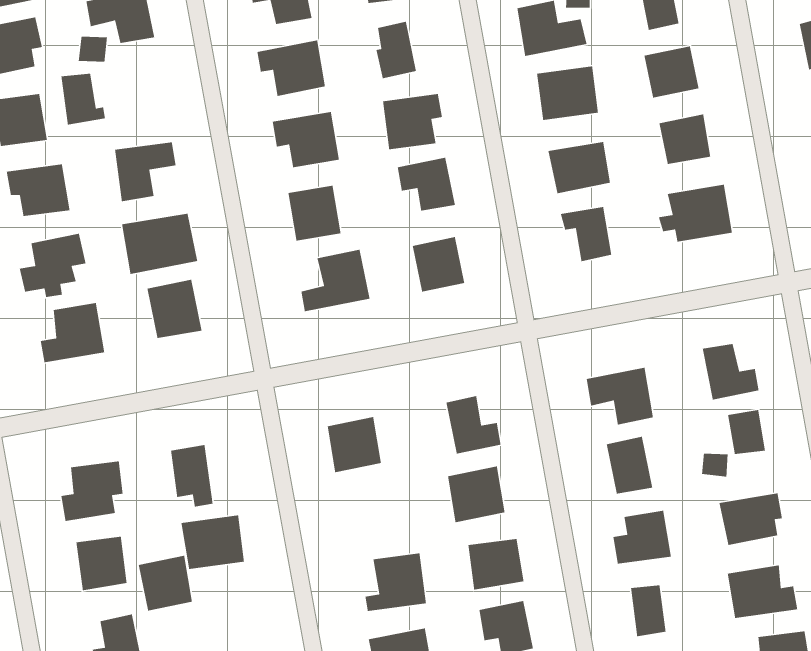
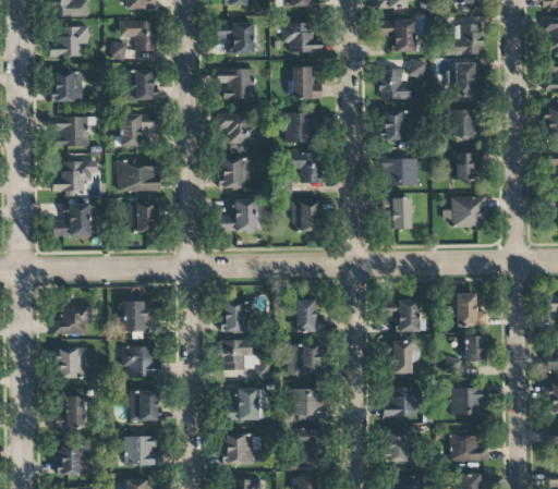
building: [61,73,106,125] -> [133,70,157,100]
building: none -> [222,340,269,381]
building: [138,555,193,612] -> [130,391,159,421]

